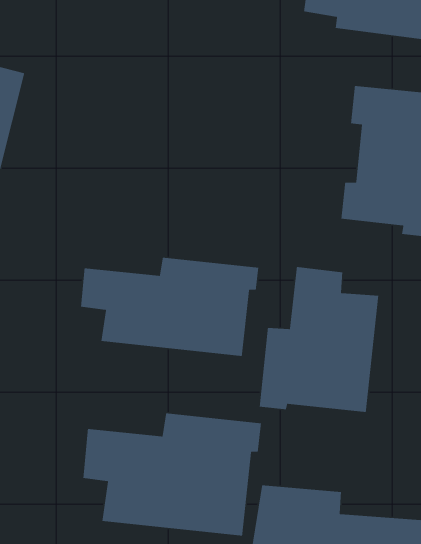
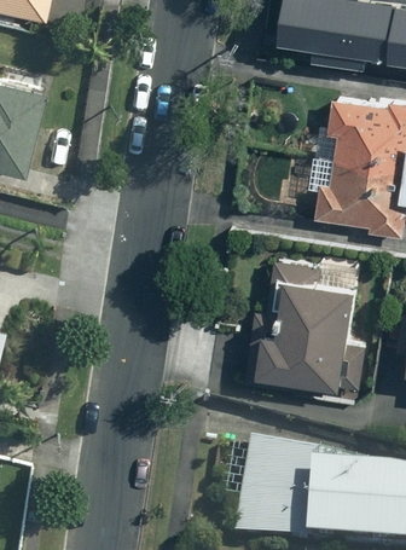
building: [80,257,259,357] -> none
building: [82,412,262,536] -> none

